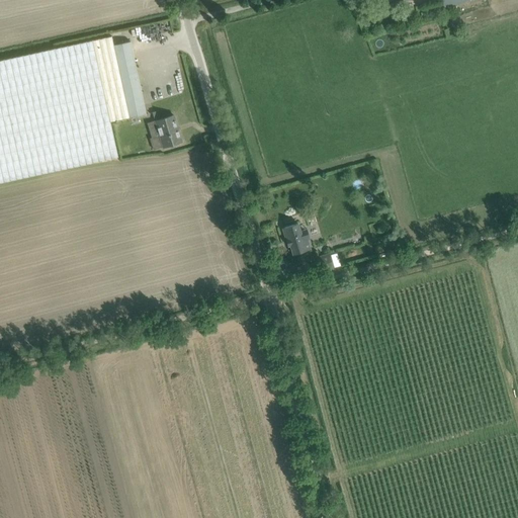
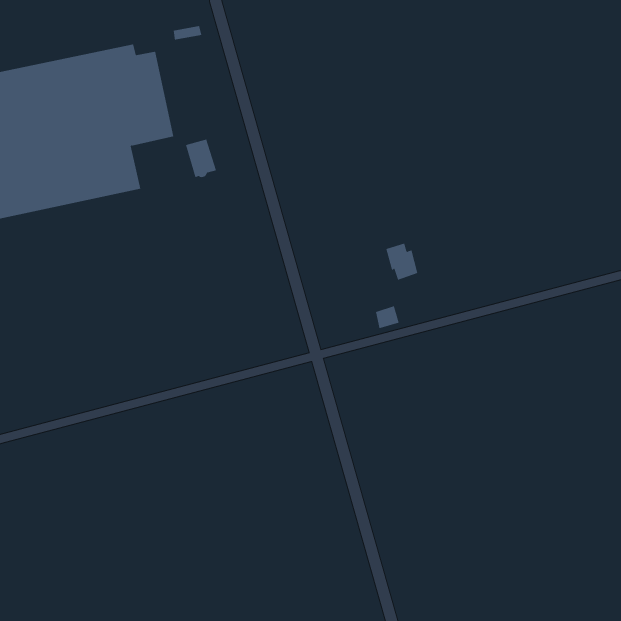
building: [281,225,309,256] -> [385,243,418,280]

